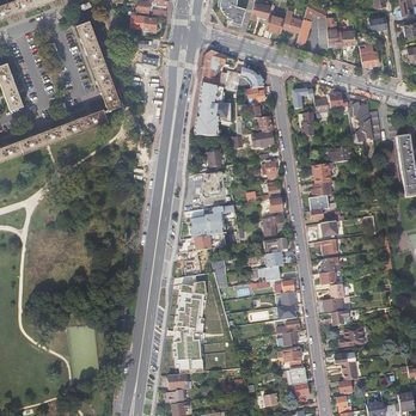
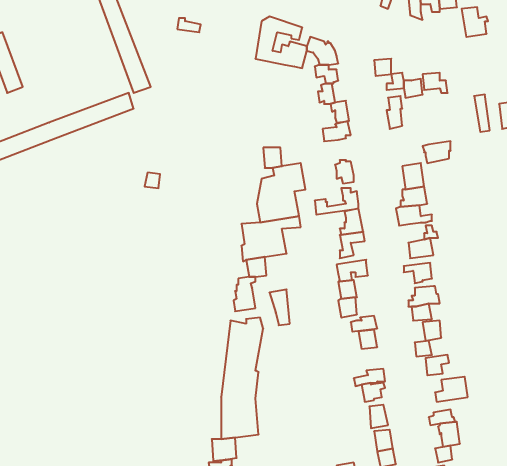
building: [194,81,232,135] -> none

